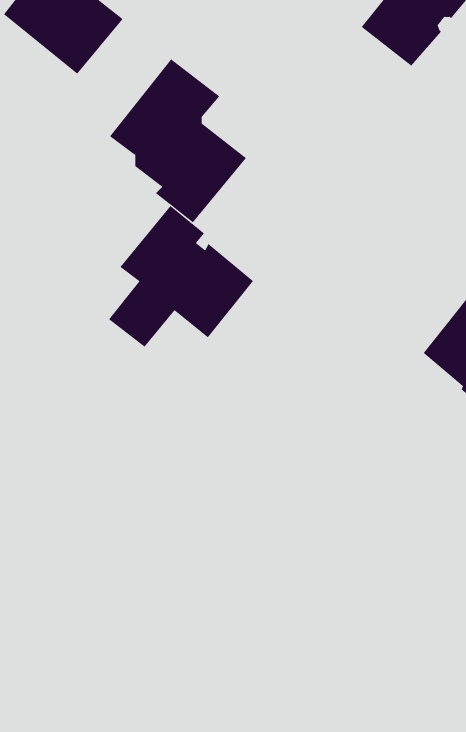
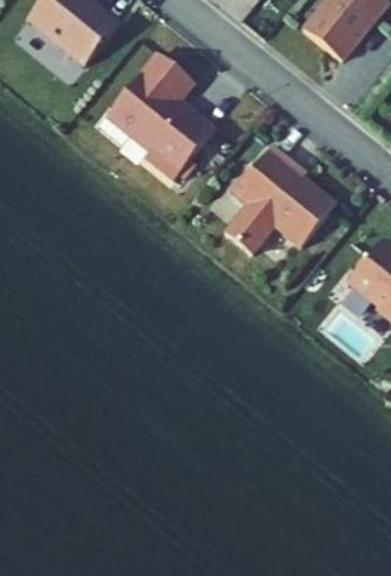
building: [108,205,254,348] -> [223,147,335,256]

